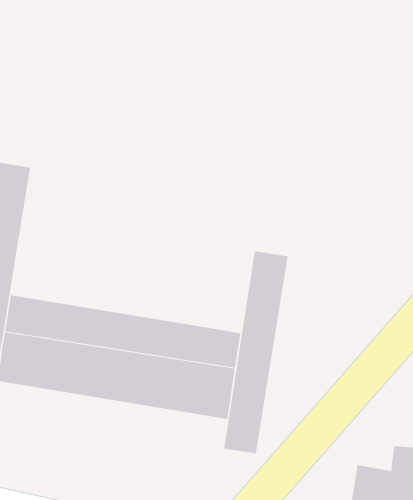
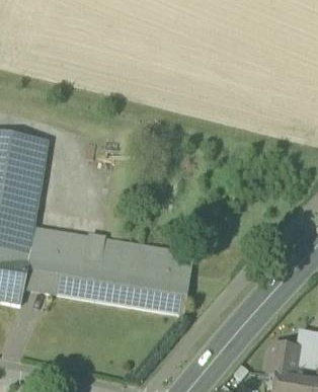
building: [224,250,288,454] -> none

